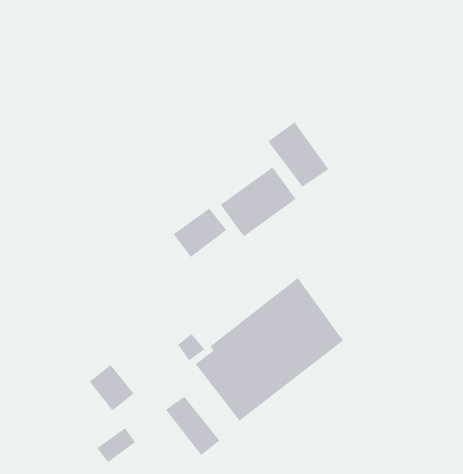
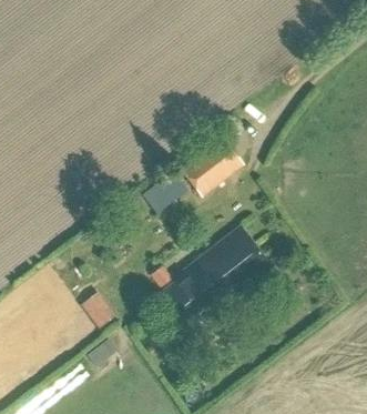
building: [268,122,329,187] -> none
building: [165,396,220,456] -> none

